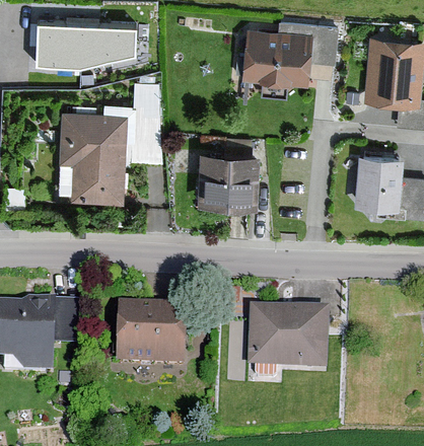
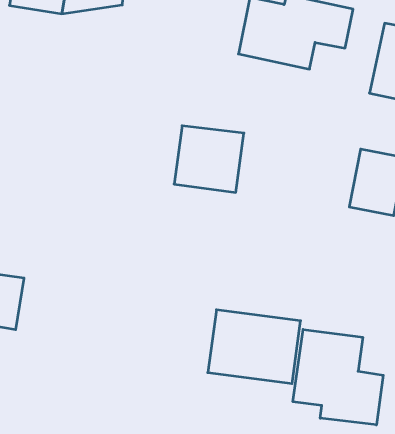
building: [58,115,128,204] -> none
building: [118,307,188,368] -> none
building: none -> [293,329,383,425]

